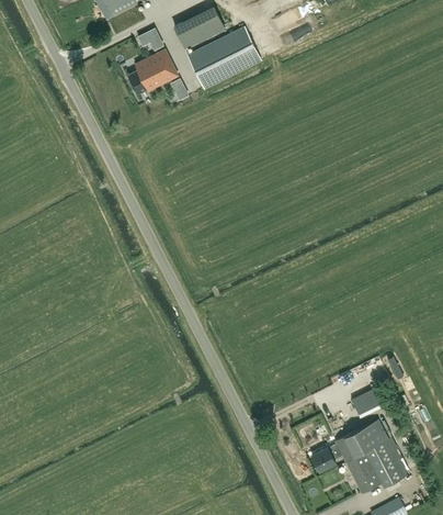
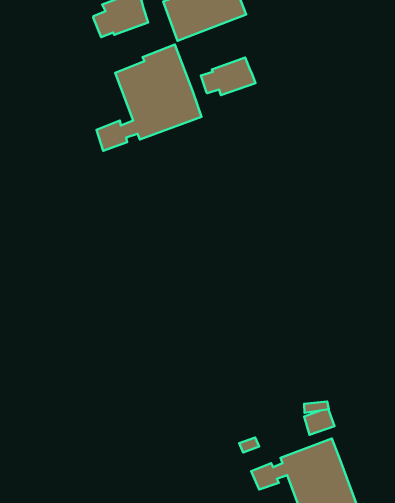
building: none -> [97,44,202,151]
building: none -> [201,57,256,95]

